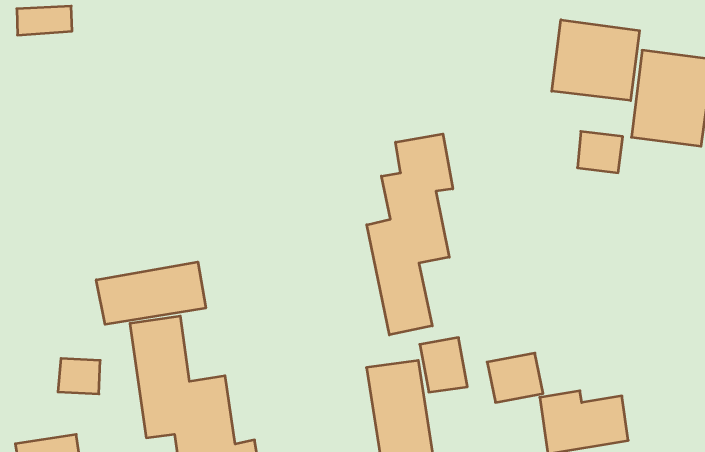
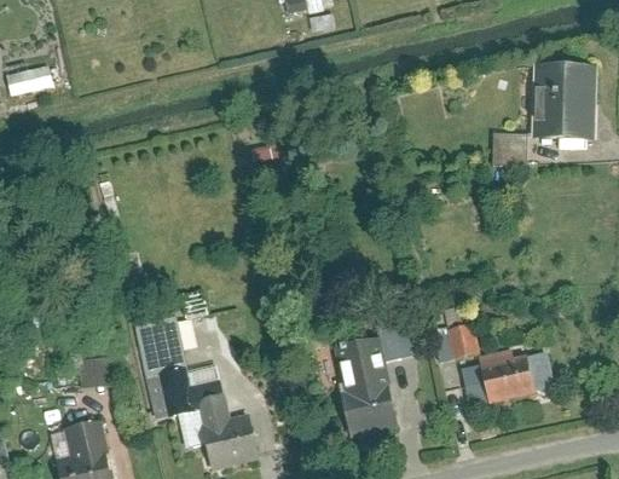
building: [552,20,640,101] -> none
building: [367,134,453,335] -> none
building: [96,262,206,324] -> none

